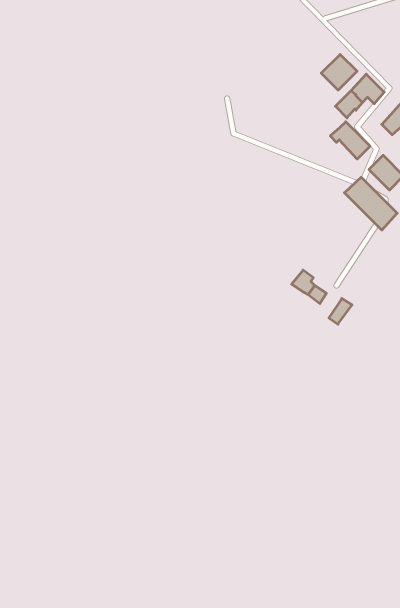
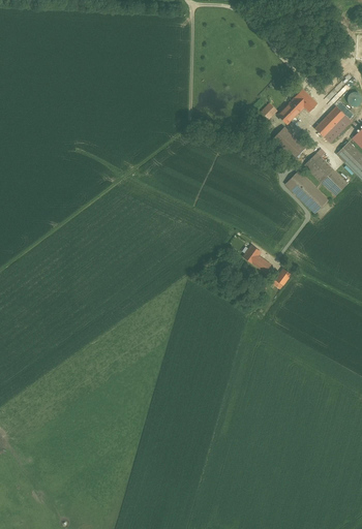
building: [321,54,357,90] -> none

